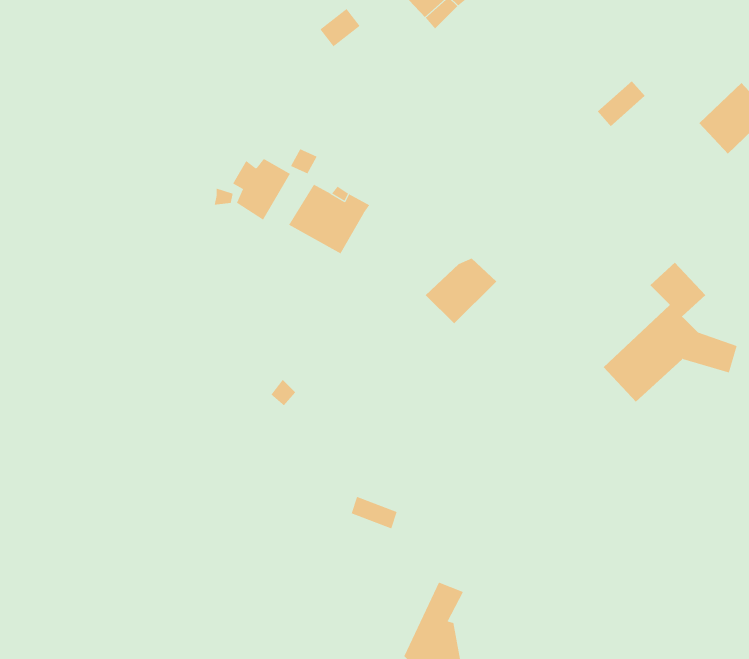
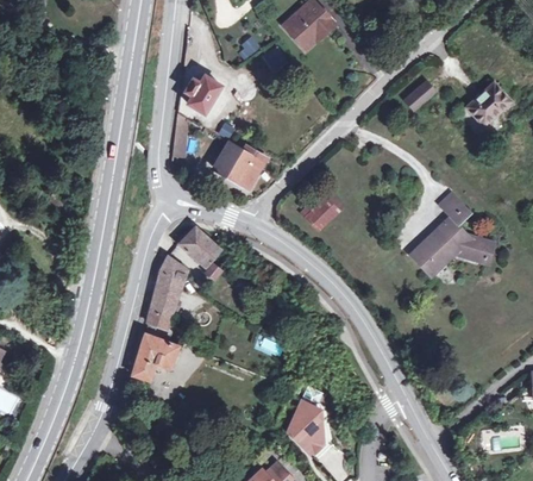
building: [232,158,291,221] -> [184,75,220,113]
building: none -> [178,226,220,266]
building: none -> [146,256,186,327]
building: none -> [132,333,178,380]

